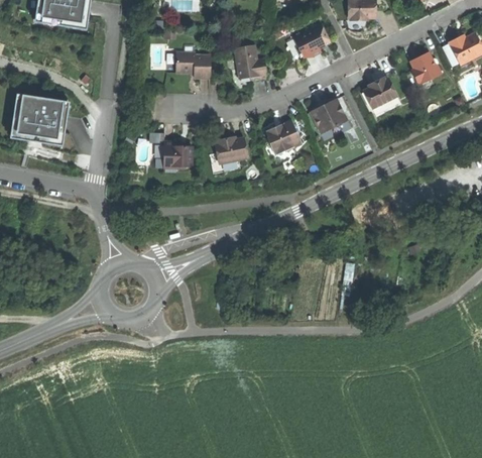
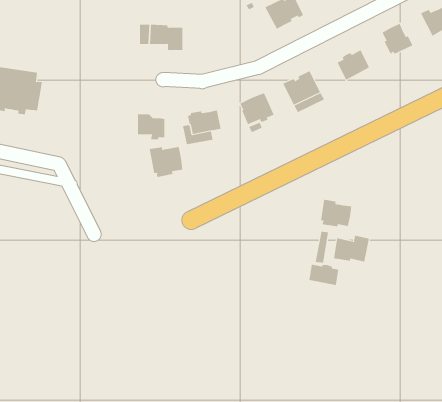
building: [234,44,266,81] -> none
building: none -> [149,146,183,178]
building: none -> [320,199,352,227]
building: none -> [333,235,370,262]
building: none -> [309,264,339,286]

